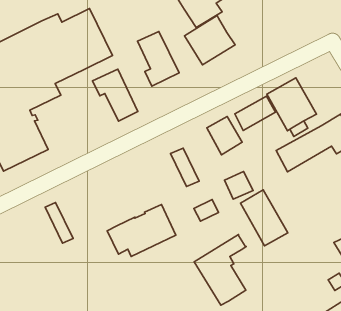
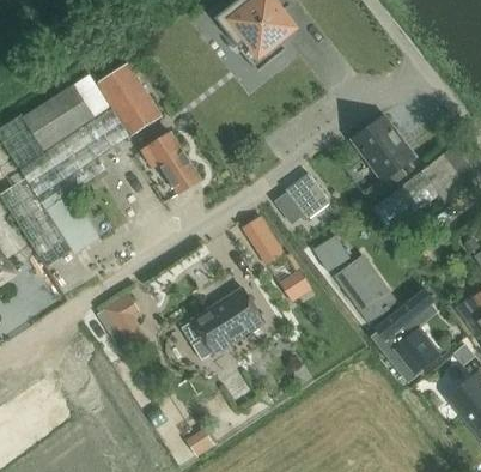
building: [185,16,235,65] -> none
building: [138,31,179,86] -> none
building: [235,96,276,131] -> none
building: [194,234,246,305] -> [375,288,440,375]

